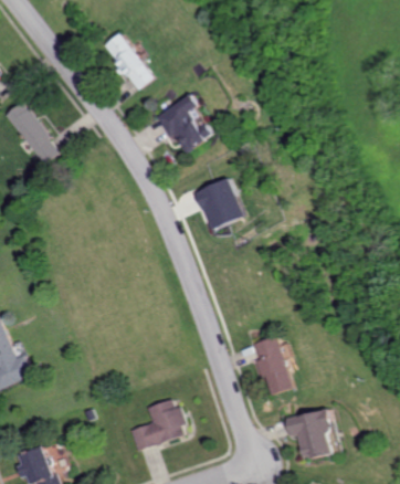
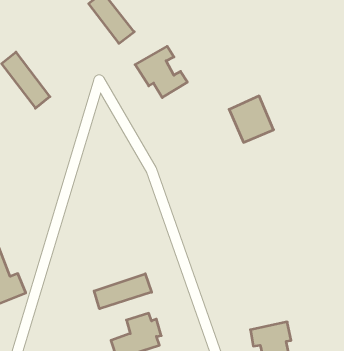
building: [196,177,246,230] -> [229,96,274,142]
building: [254,335,295,396] -> none
building: none -> [94,274,152,309]

